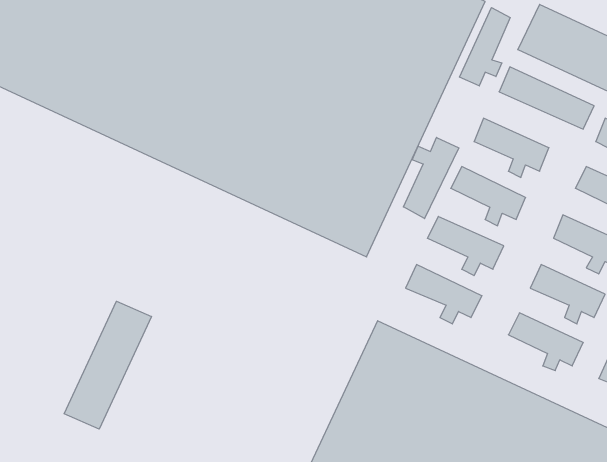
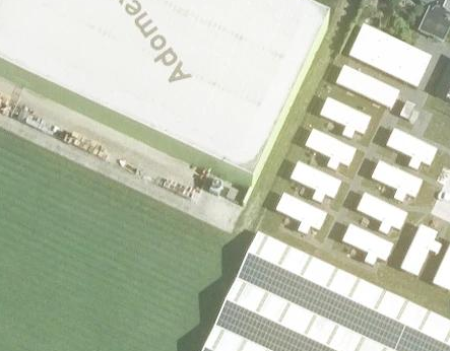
building: [459,8,510,86] -> none
building: [403,137,459,219] -> none
building: [64,301,151,429] -> none

